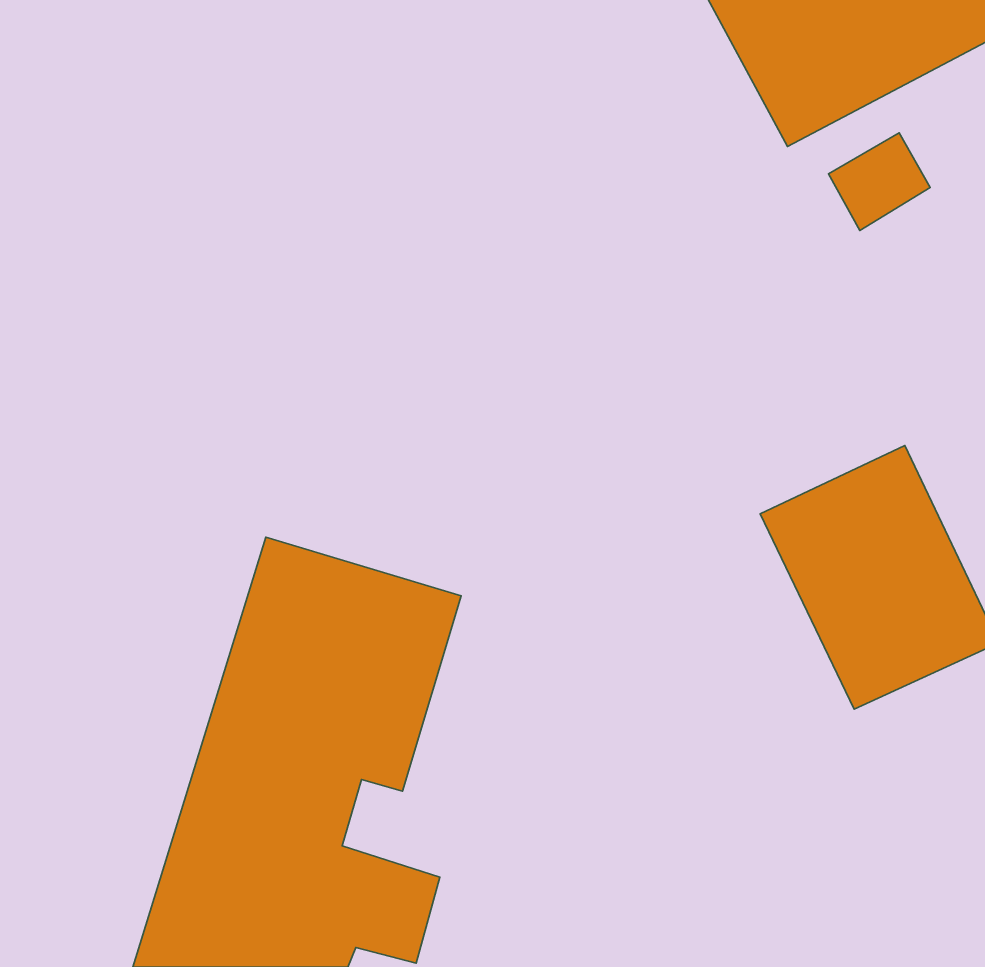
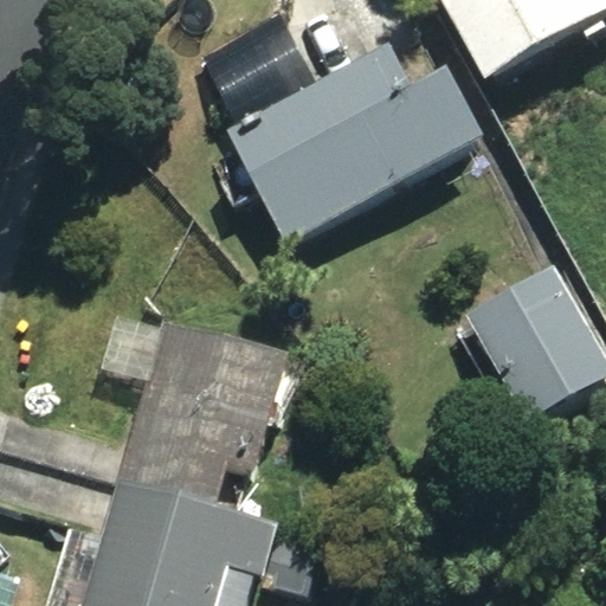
building: none -> [223,46,482,249]

